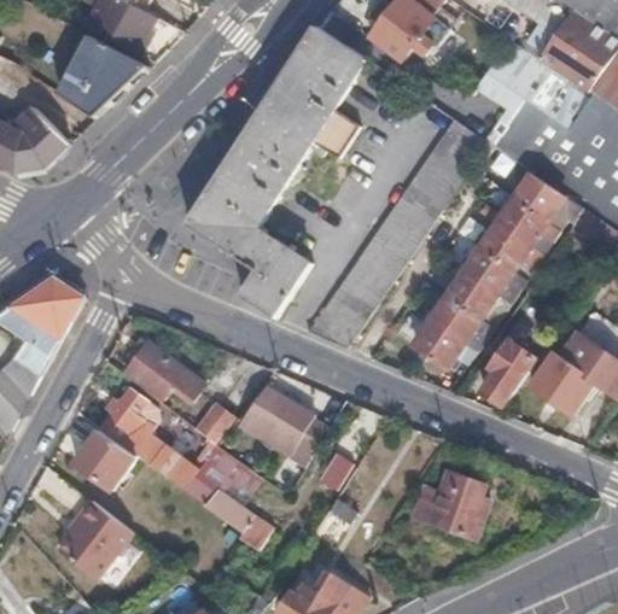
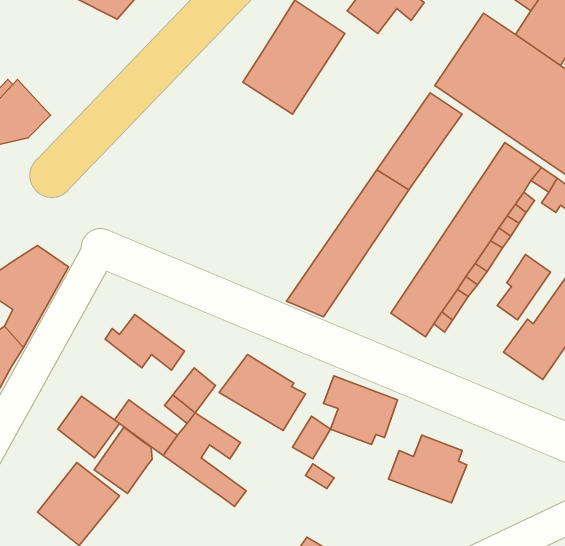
building: [57,35,146,117] -> none
building: [187,109,323,317] -> none
building: [479,338,534,404] -> [497,255,551,320]
building: [98,385,157,452] -> [94,427,152,493]
building: none -> [323,376,397,445]

